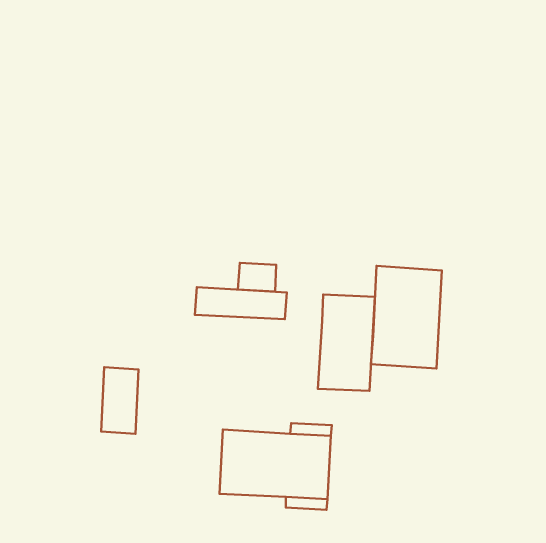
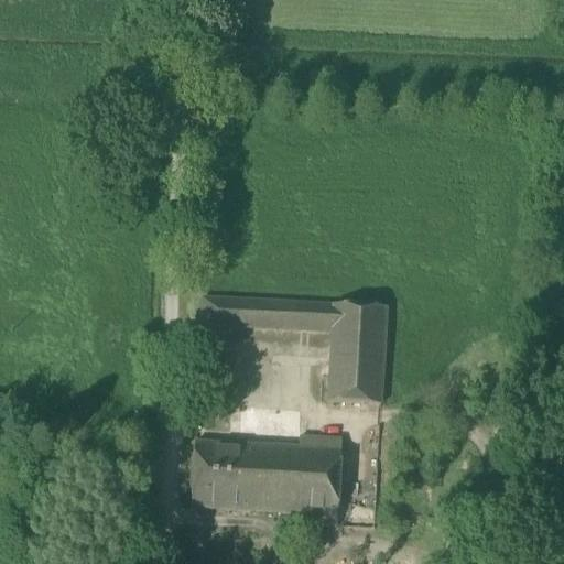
building: [238,263,276,292] -> [294,301,334,330]
building: [371,266,442,369] -> none
building: [101,367,139,434] -> [192,440,230,508]

